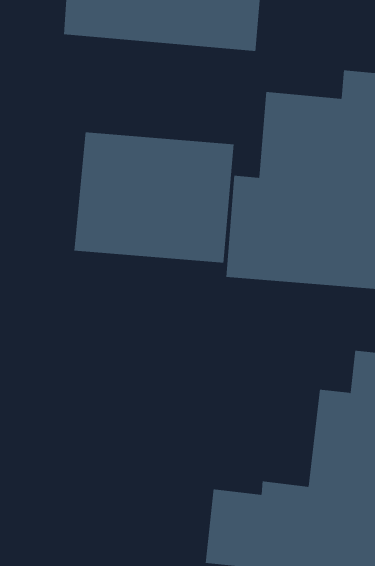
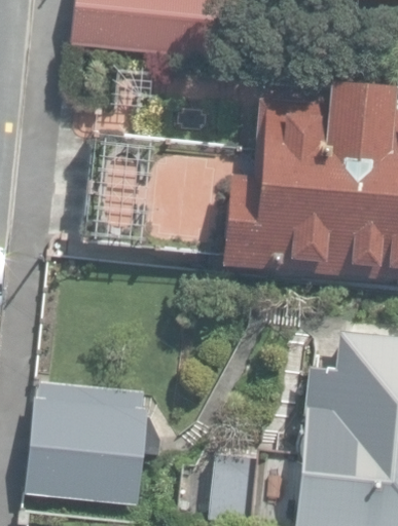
building: none -> [30,382,148,504]

